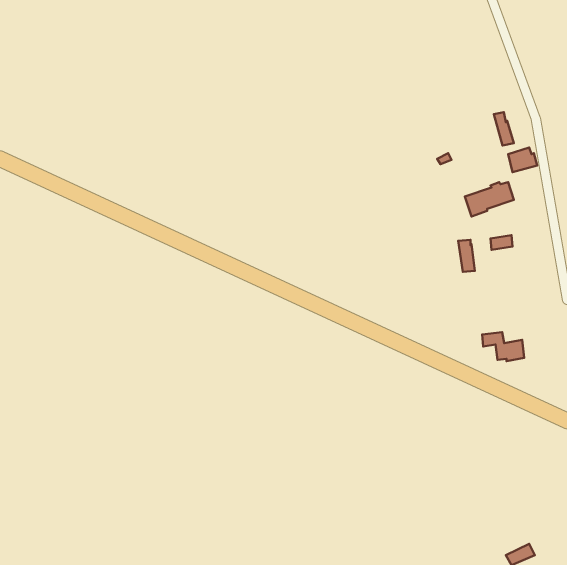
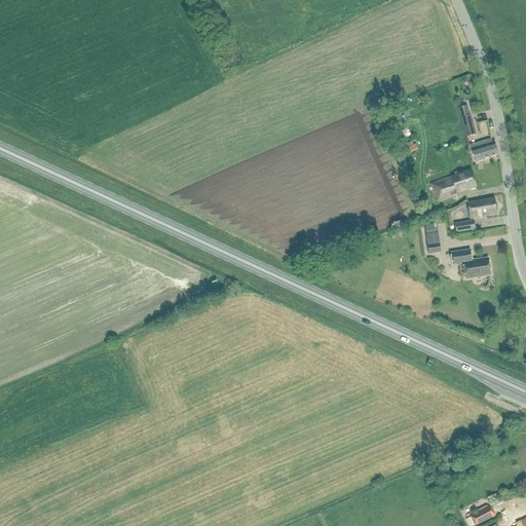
building: none -> [467,196,497,217]
building: [482,332,524,361] -> [451,250,490,276]

